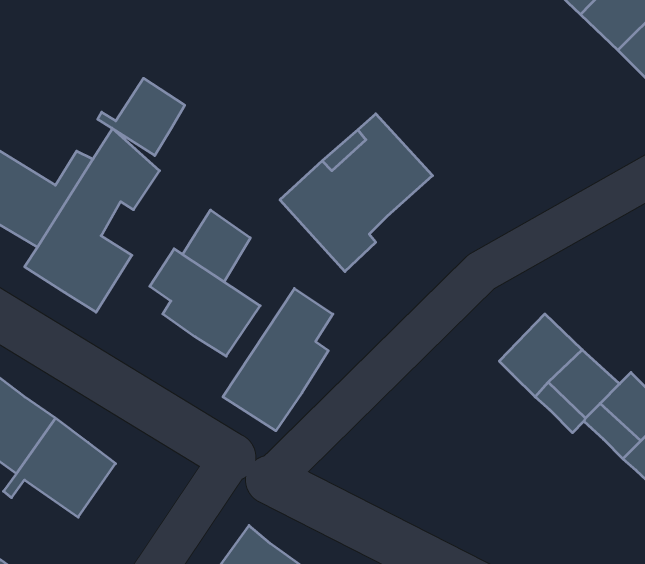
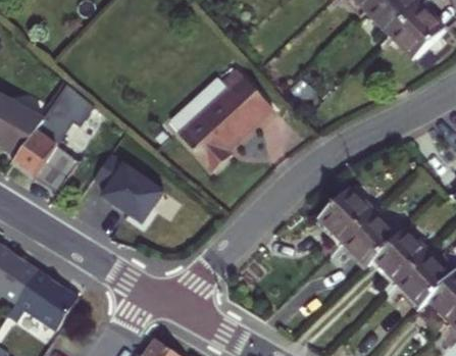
building: [98,78,185,156] -> none
building: [183,210,250,282] -> none
building: [223,288,333,431] -> none

